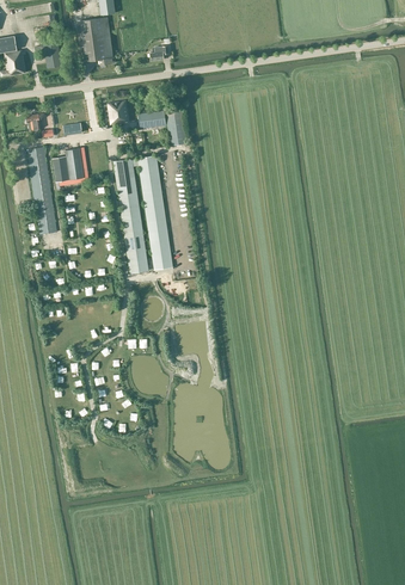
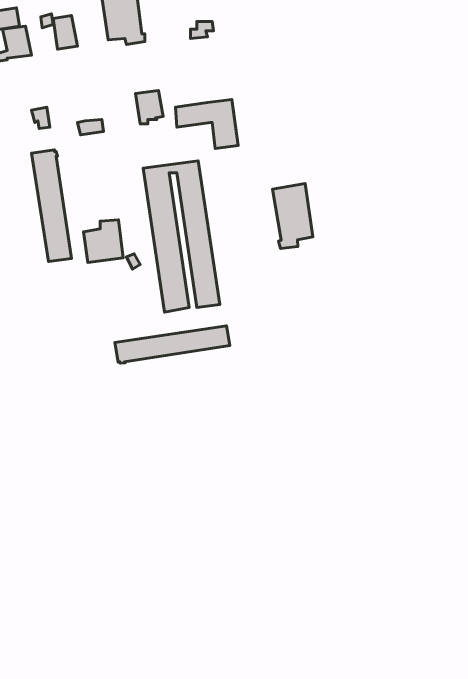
building: [53,148,84,181] -> [83,220,123,263]
building: none -> [272,184,313,249]
building: none -> [115,326,230,363]

